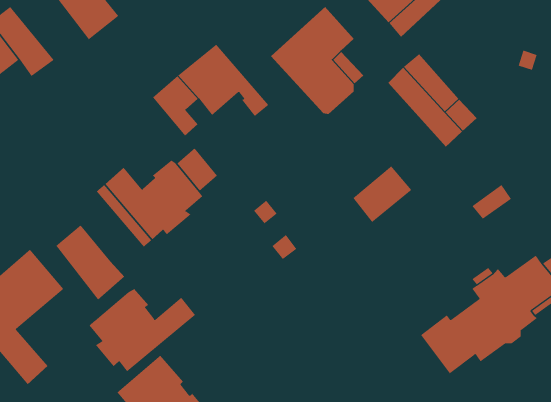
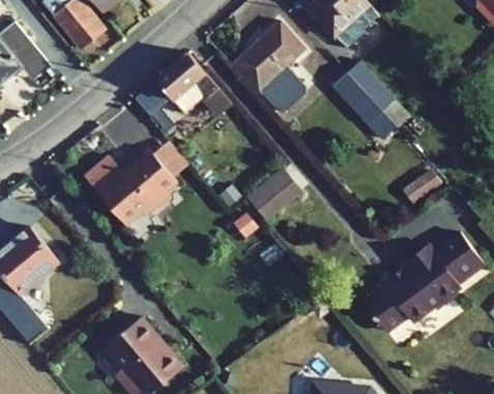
building: [352,165,412,223] -> [250,172,300,220]
building: [56,224,125,300] -> none
building: [89,288,196,372] -> none

